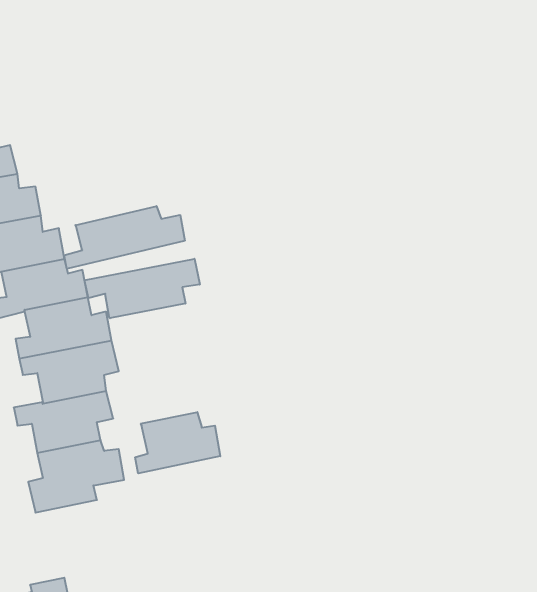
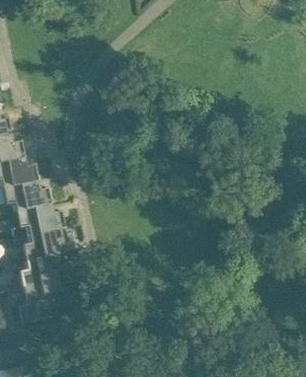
building: [64,206,185,269] -> none
building: [85,259,200,318] -> none
building: [135,412,220,473] -> none

